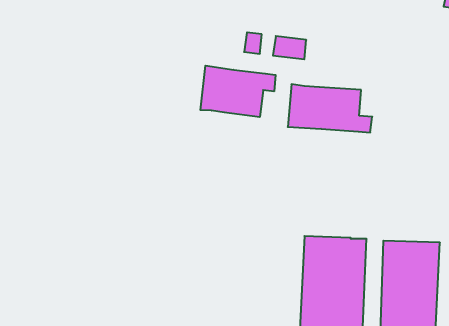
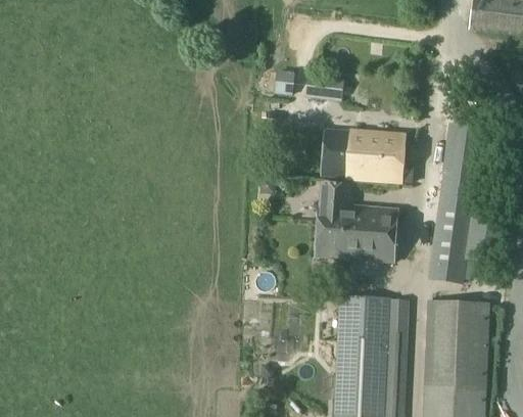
building: [200,66,276,117] -> none
building: none -> [428,122,485,283]
building: none -> [316,182,396,262]

